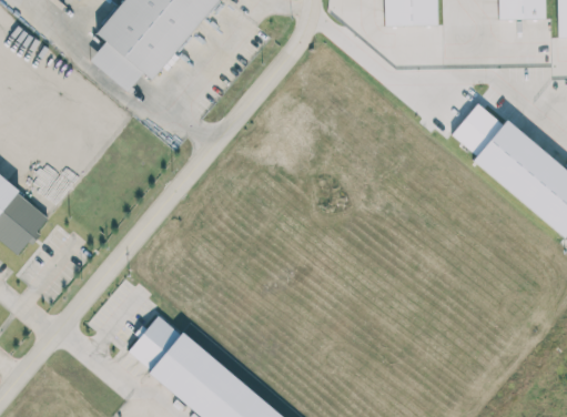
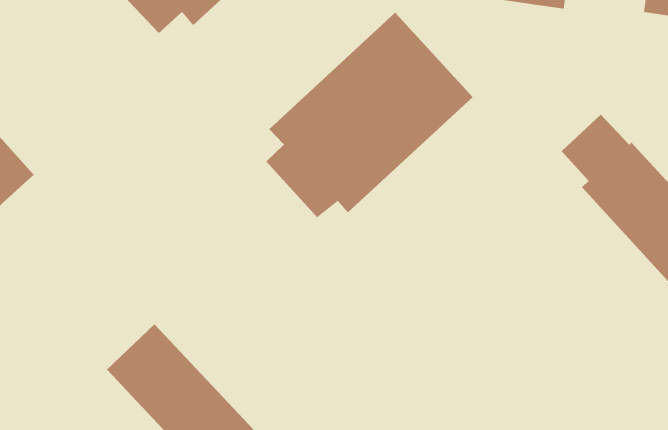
building: none -> [265,12,474,218]

